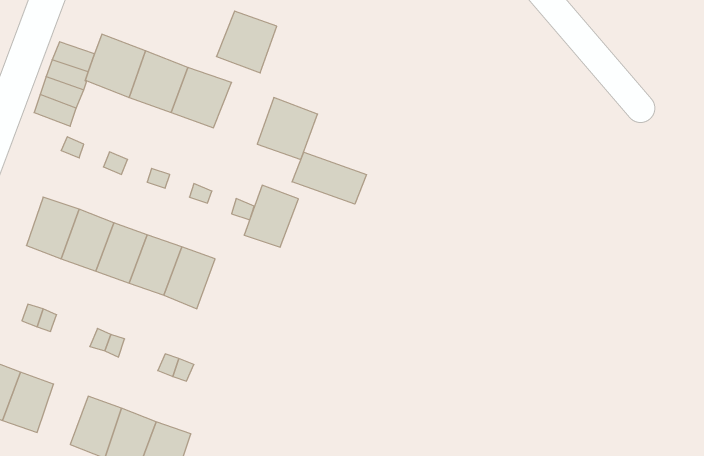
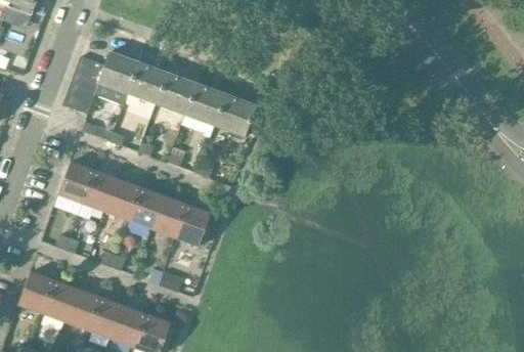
building: [216,11,277,73] -> [185,84,226,126]
building: [292,152,367,204] -> none
building: [244,185,298,247] -> [174,204,211,246]
building: none -> [66,289,100,329]

